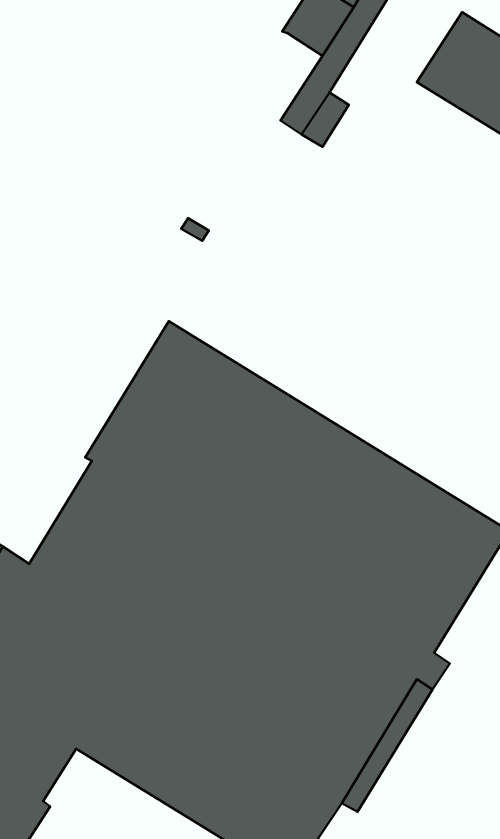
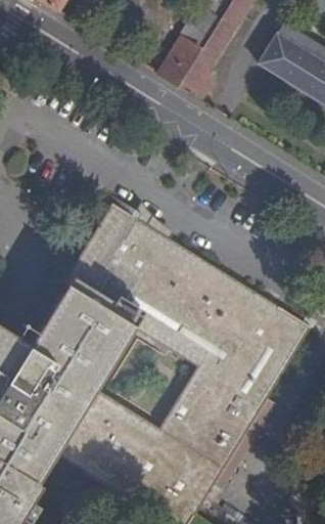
building: none -> [157,35,202,86]

